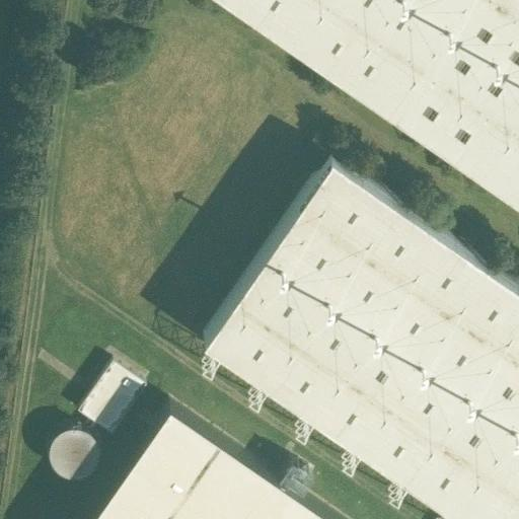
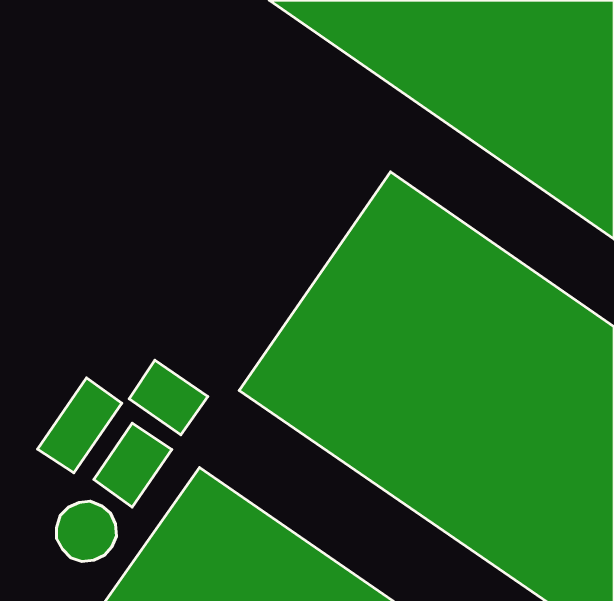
building: none -> [129,360,208,435]
building: none -> [37,378,122,473]

